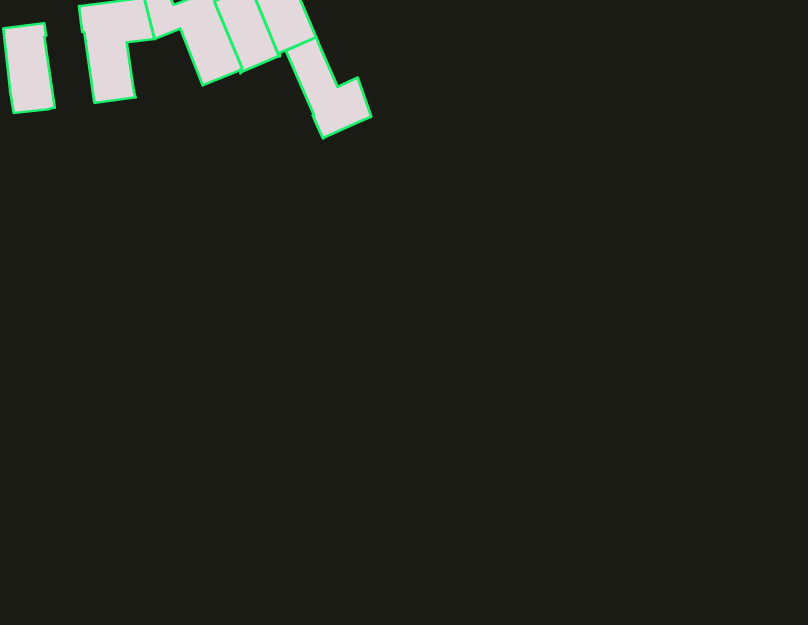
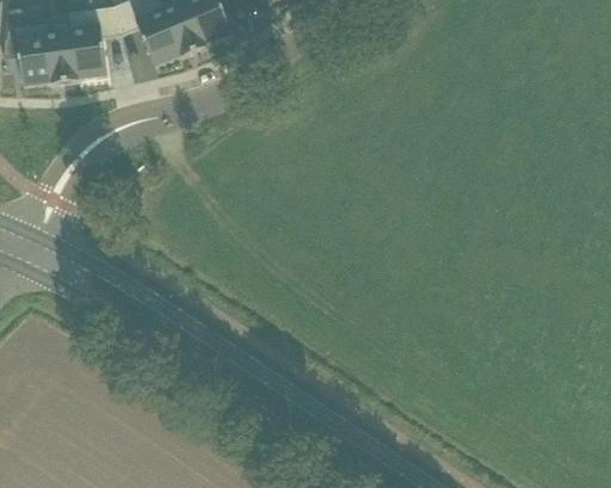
building: none -> [44,29,80,84]
building: [286,37,371,138] -> none

